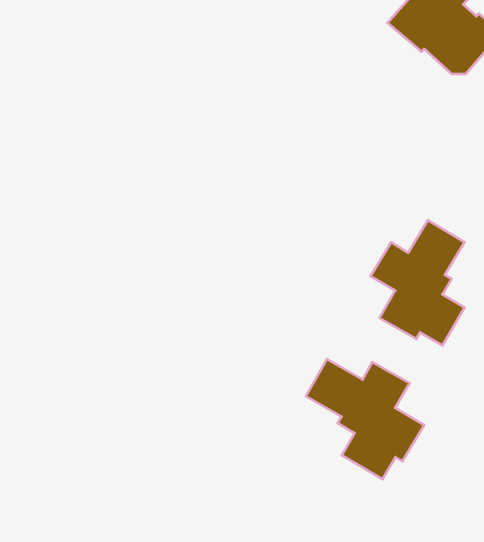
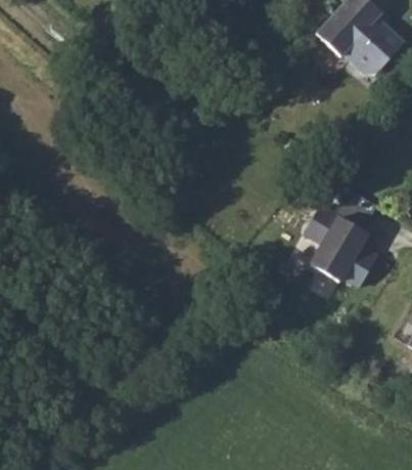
building: [306,359,424,479] -> none

